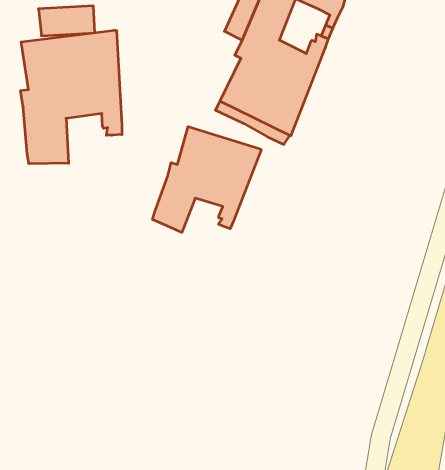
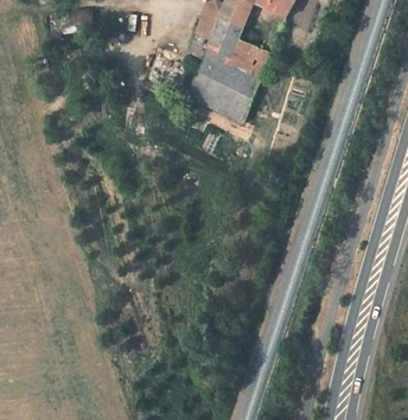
building: [21,30,122,164] -> none
building: [153,127,261,232] -> none

